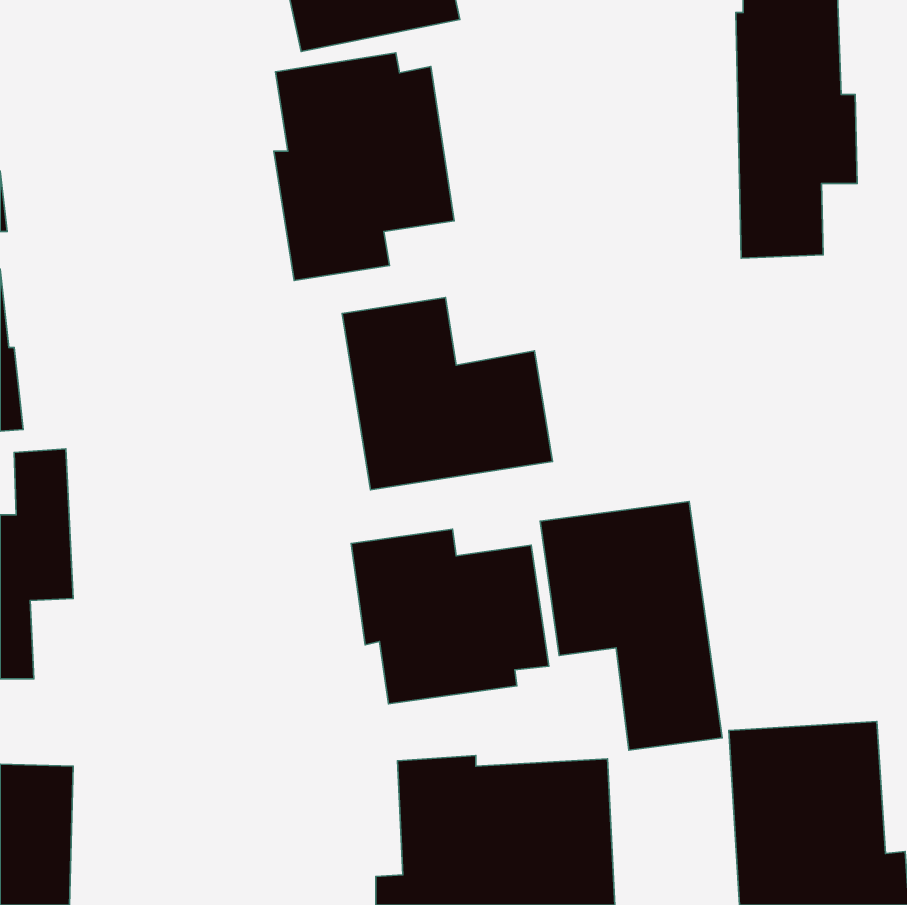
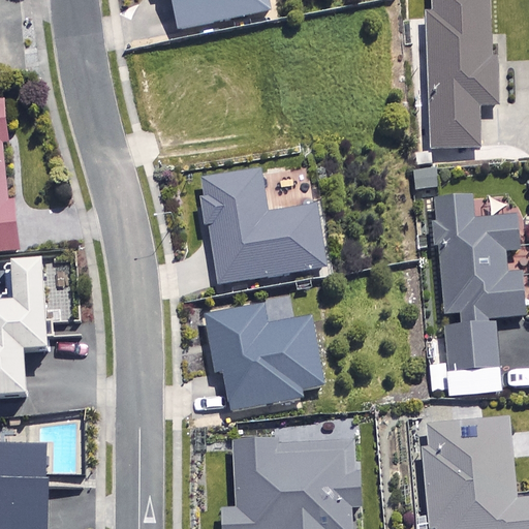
building: [274,53,454,280] -> none
building: none -> [437,195,524,396]
building: [540,502,722,750] -> none

